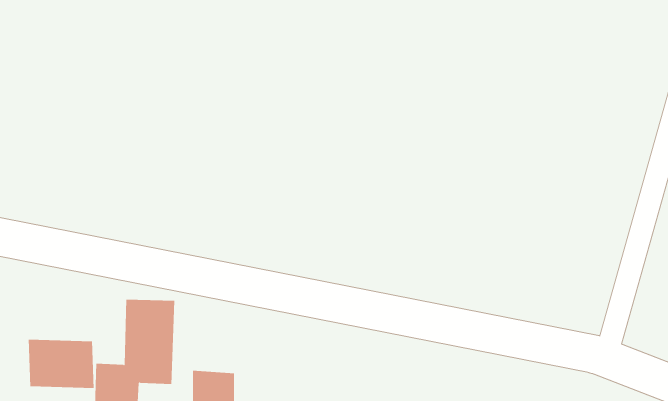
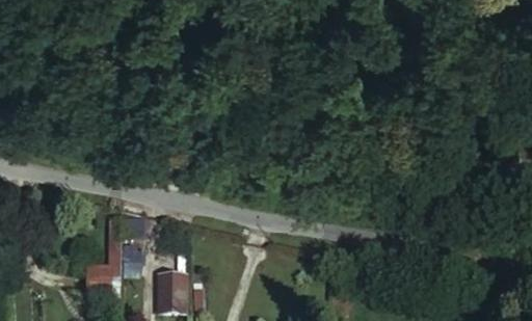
building: [28,339,94,389] -> none

